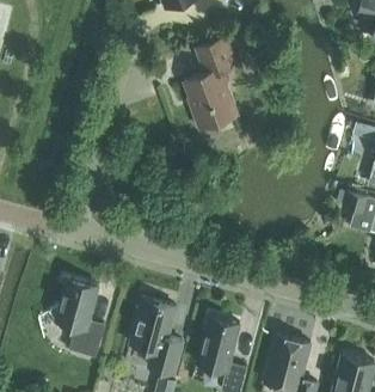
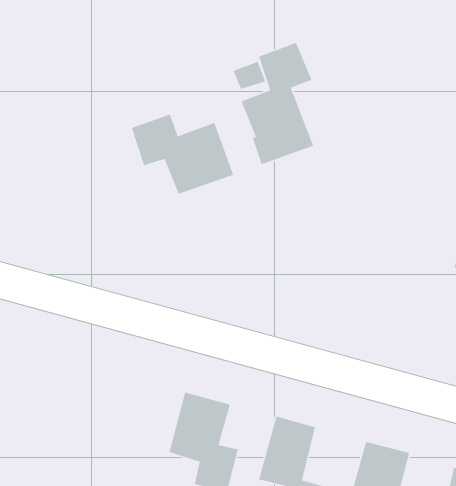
building: none -> [131,113,234,195]
building: [50,277,104,356] -> none

